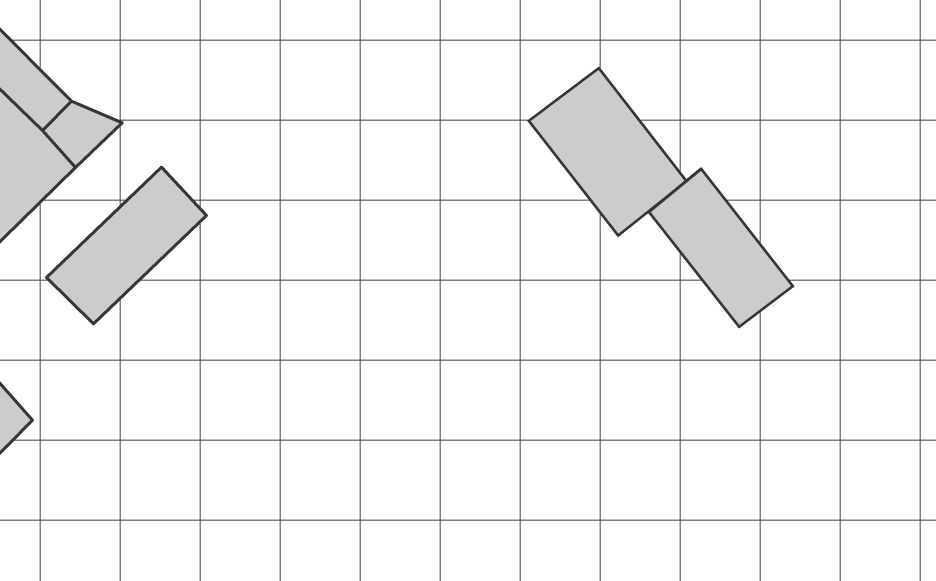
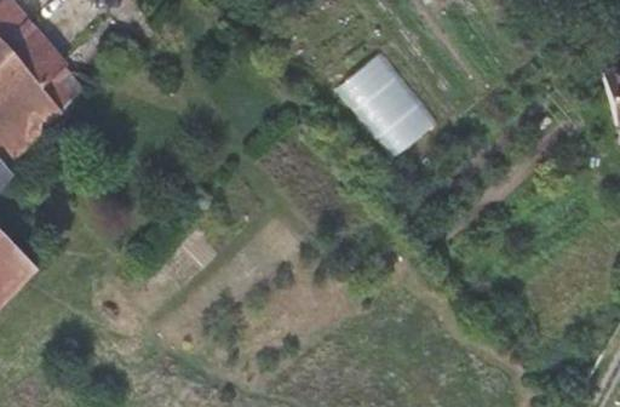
building: [46,167,206,324] -> none
building: [649,169,793,327] -> none

